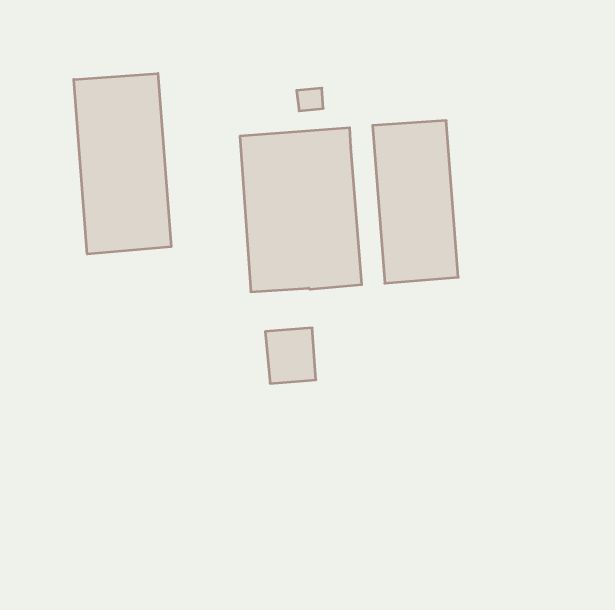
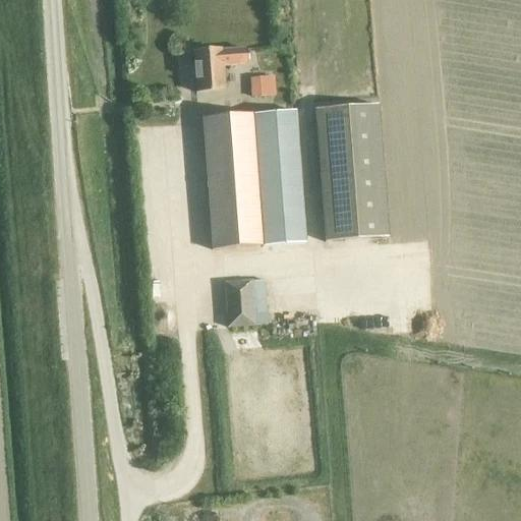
building: none -> [193,46,247,89]
building: [74,73,171,254] -> none

